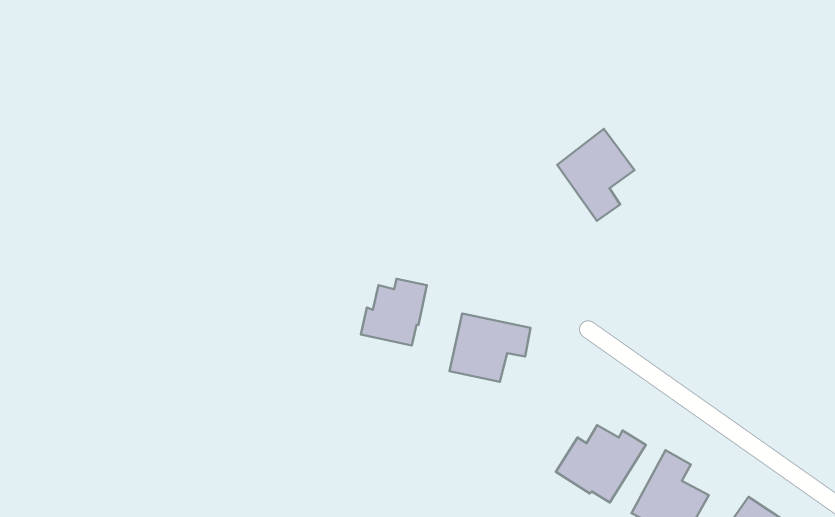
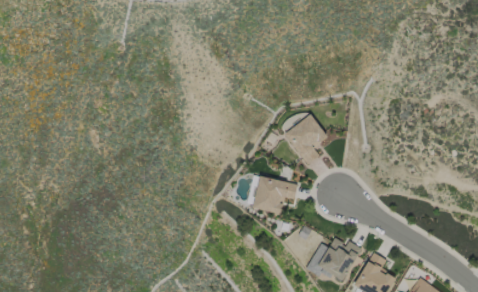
building: [557,129,635,221] -> [283,113,326,164]
building: [361,279,427,345] -> none

